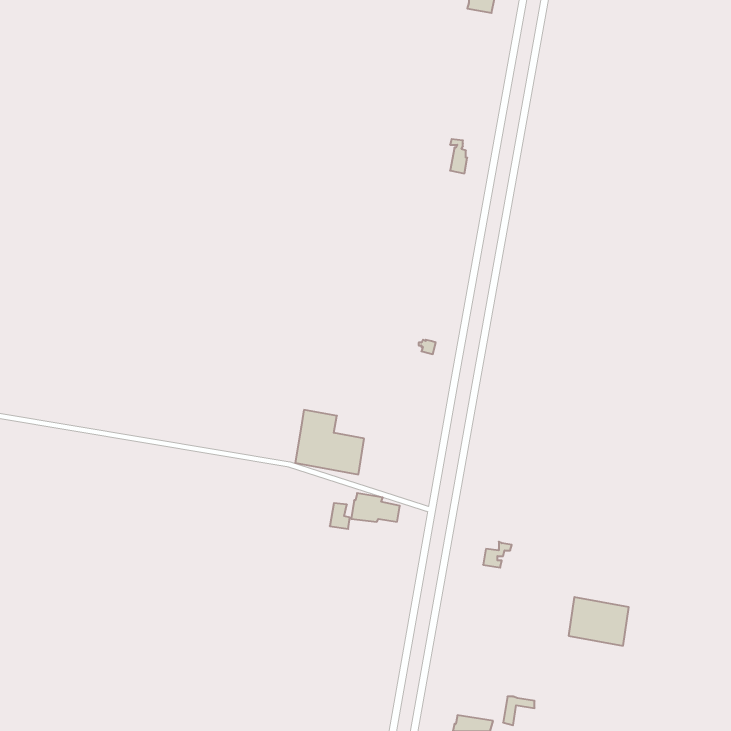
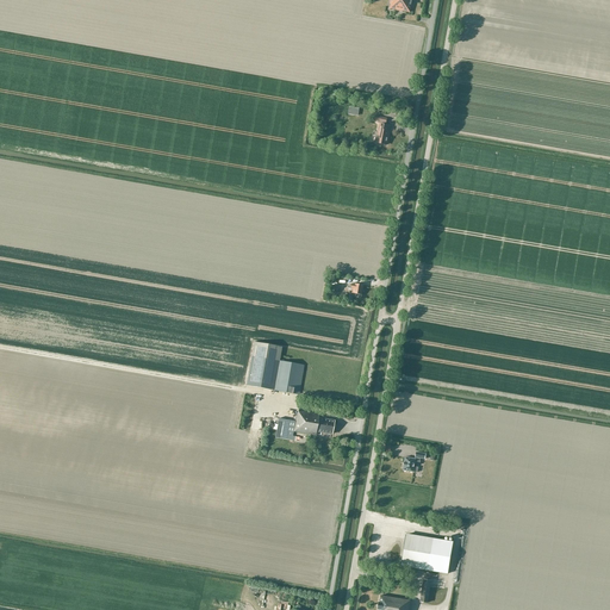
building: [569,597,629,646] -> [402,533,452,573]

